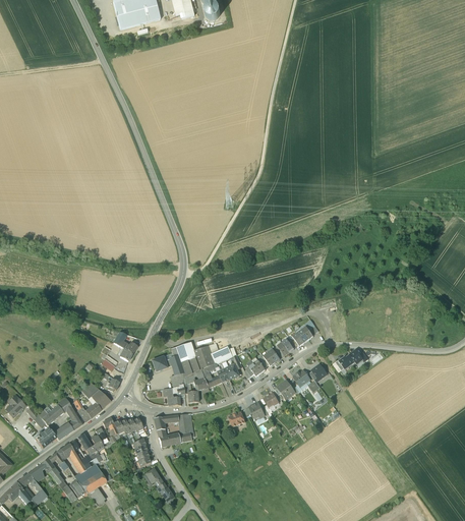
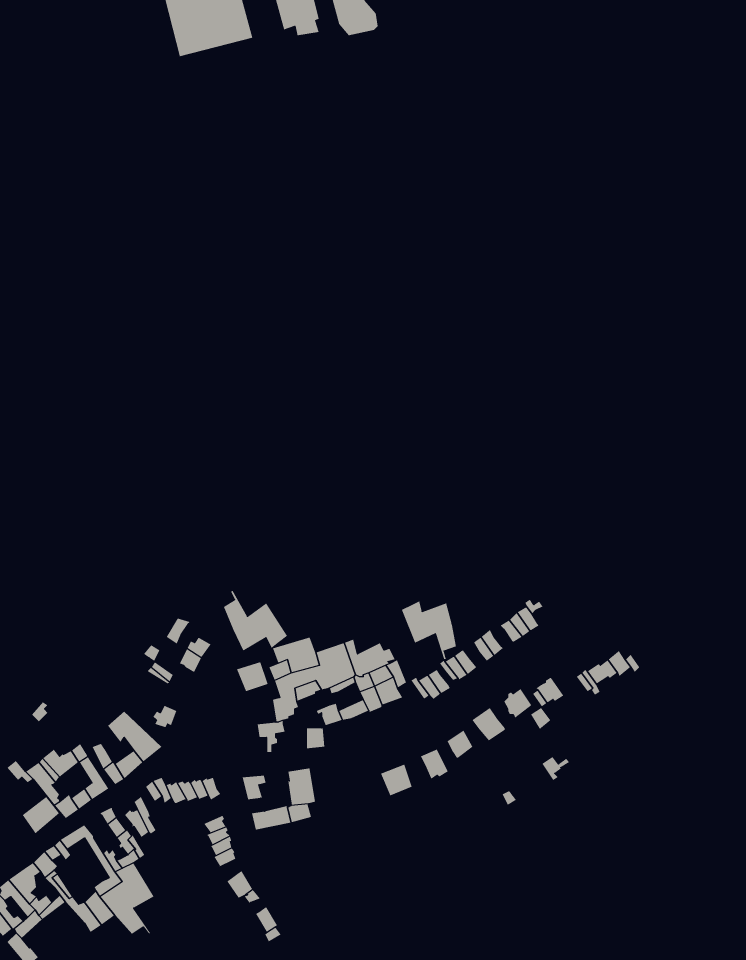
building: none -> [223,590,288,651]
building: none -> [401,601,456,660]

